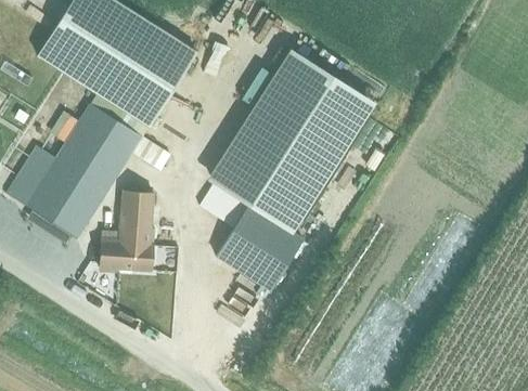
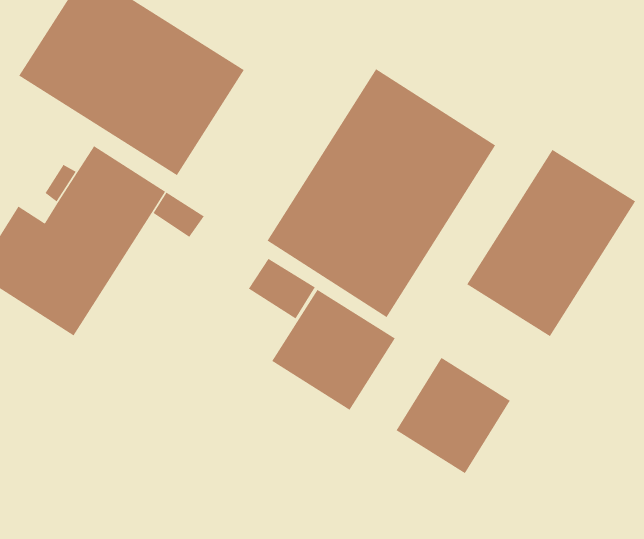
building: none -> [466,149,636,337]
building: [100,192,155,272] -> none
building: none -> [396,357,511,474]

